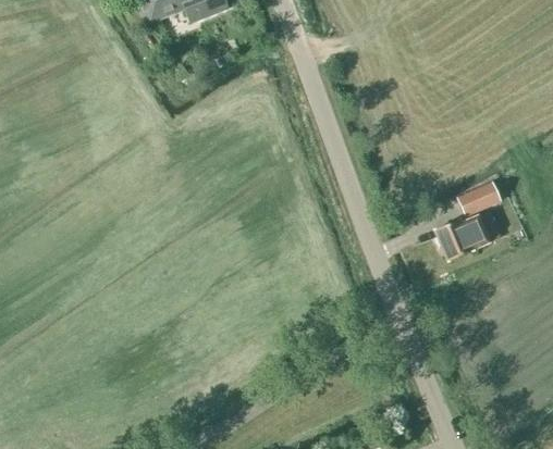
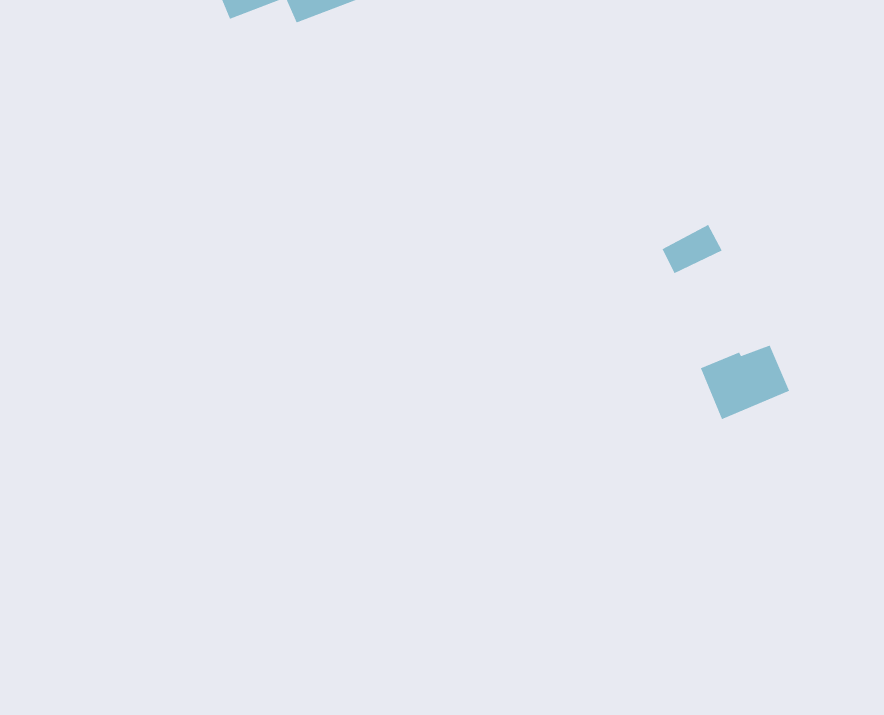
building: [460,184,497,214] -> [662,224,723,274]

